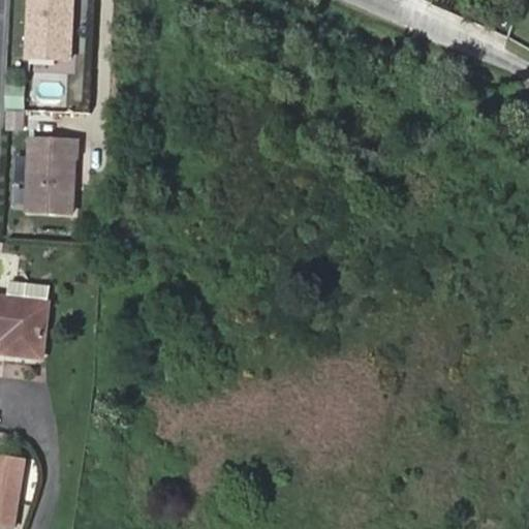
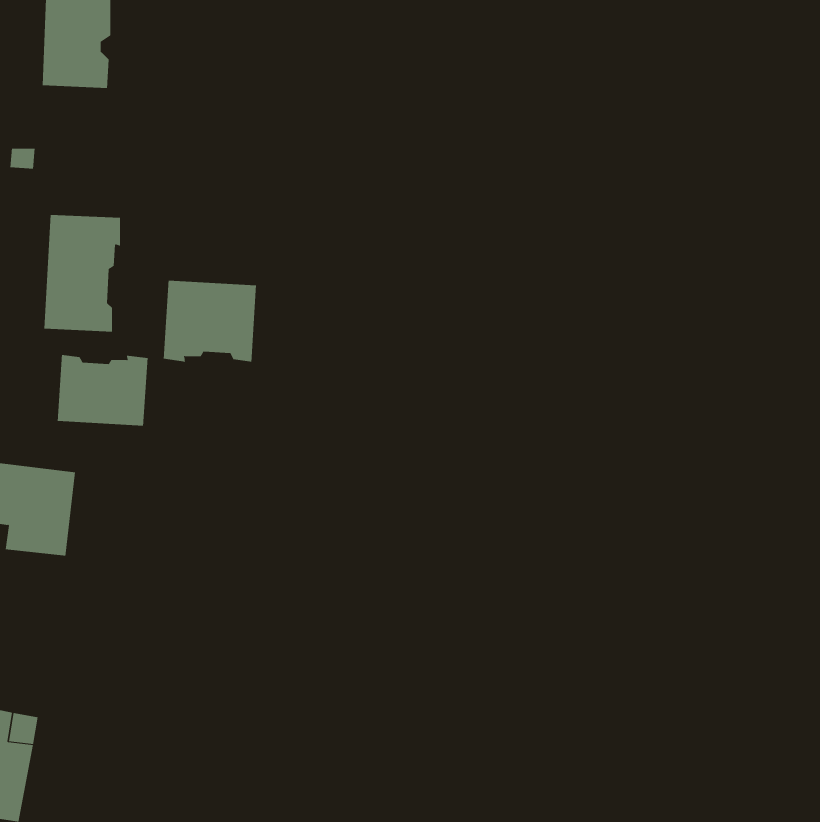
building: none -> [163,280,257,362]
building: none -> [57,354,148,426]

